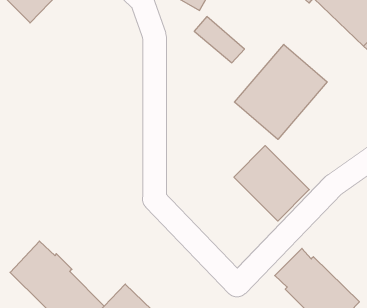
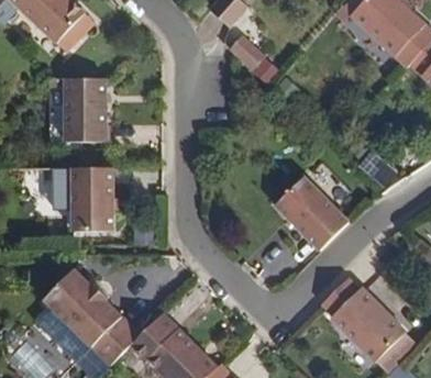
building: [234,44,327,139] -> none
building: none -> [62,71,108,141]
building: none -> [62,167,108,236]

